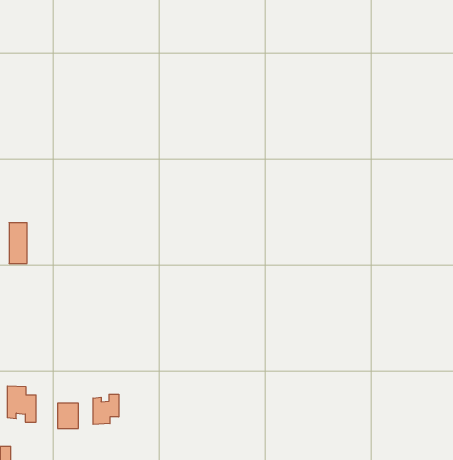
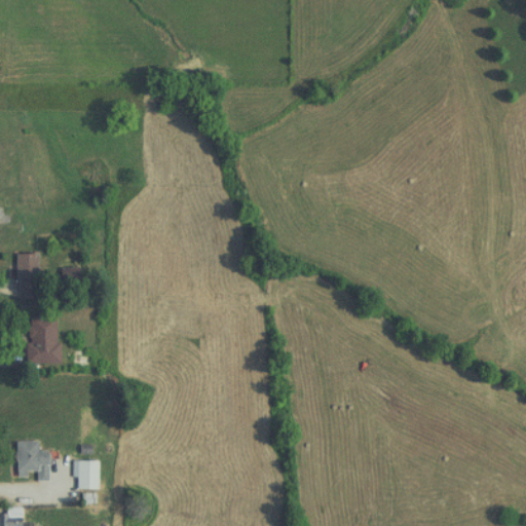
building: none -> [28,316,60,365]
building: [93,394,119,424] -> none

